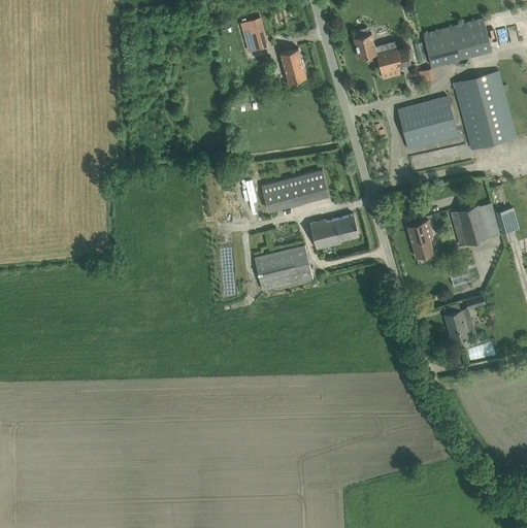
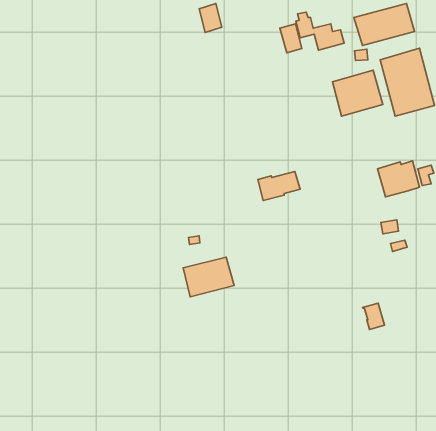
building: [279,50,305,84] -> [280,24,302,53]
building: [261,171,328,210] -> none
building: [406,222,434,259] -> none
building: [254,246,314,293] -> [183,257,234,297]
building: [443,310,469,341] -> [362,303,384,329]

